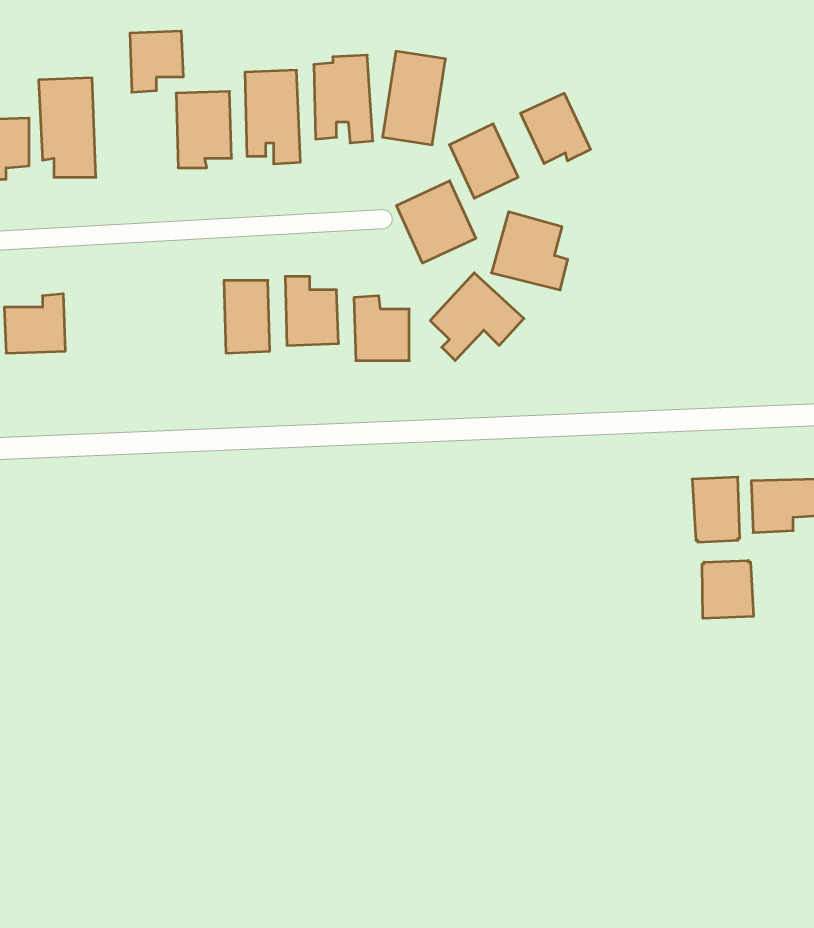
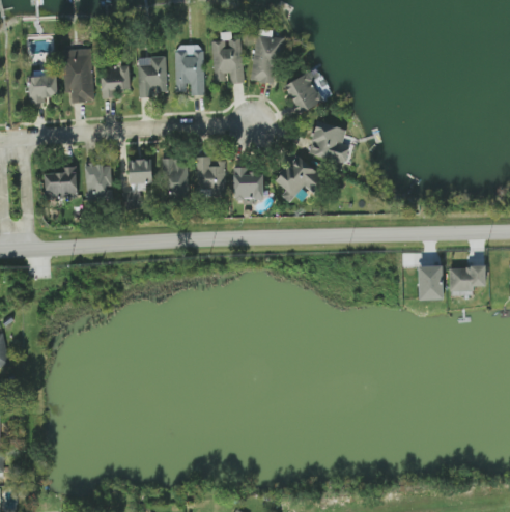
building: [130,31,183,92] -> [101,64,130,97]
building: [521,93,591,164] -> none
building: [397,181,476,263] -> none
building: none -> [126,159,152,205]
building: none -> [85,163,112,202]
building: [702,560,753,618] -> none

